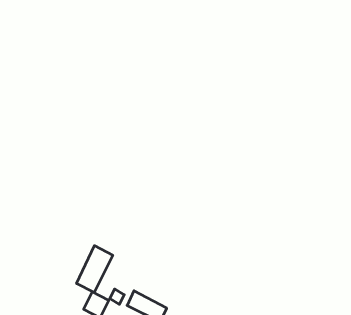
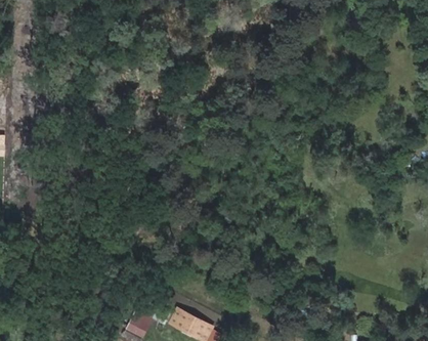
building: [77,246,113,292] -> none

